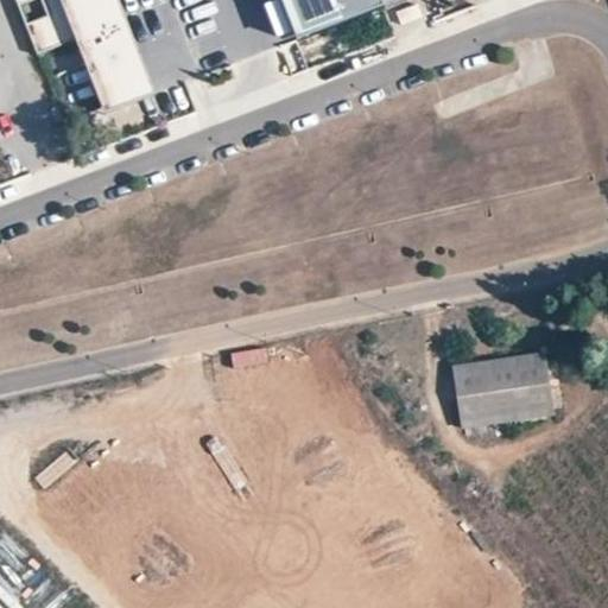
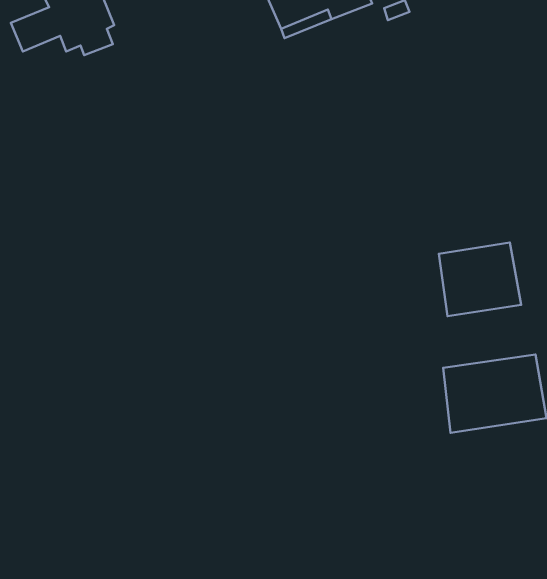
building: [81,25,156,110] -> none
building: none -> [439,243,521,316]

